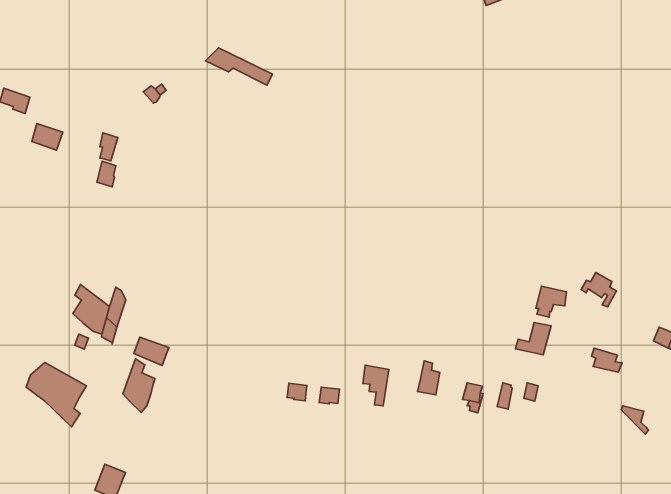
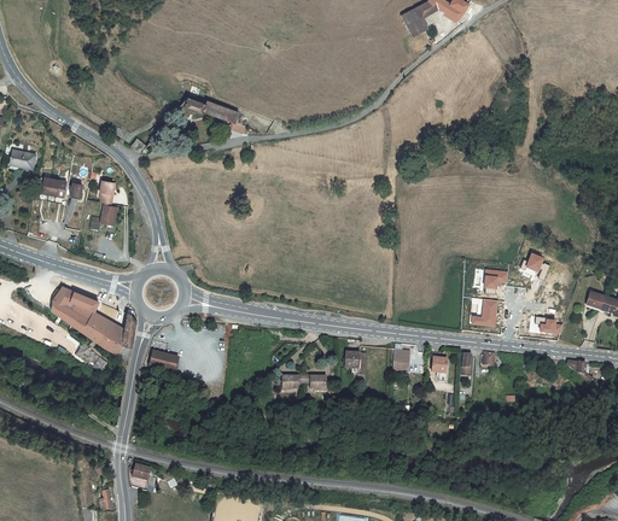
building: [123,359,155,412] -> none
building: [26,362,86,427] -> [51,286,101,338]

